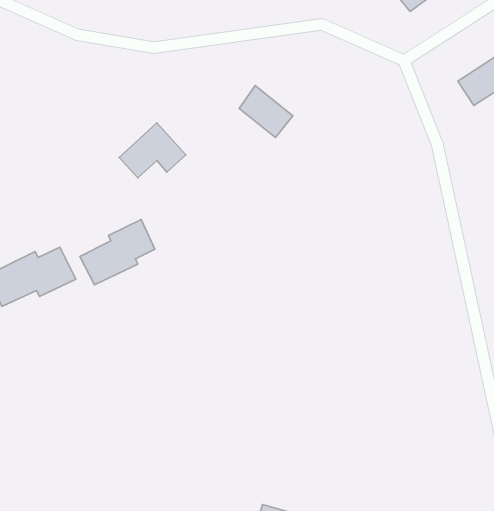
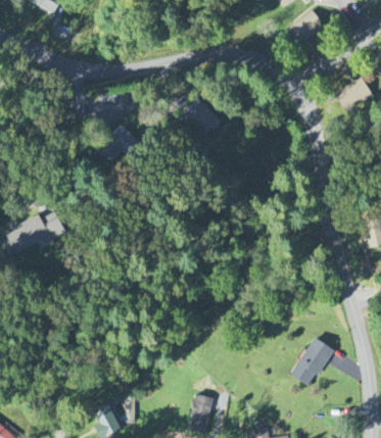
building: [80,220,155,285] -> none
building: none -> [290,338,333,387]

